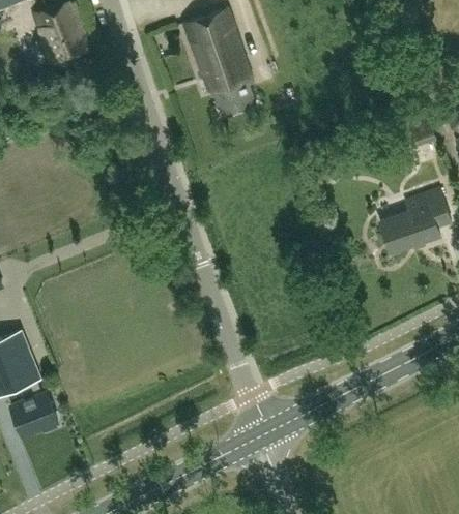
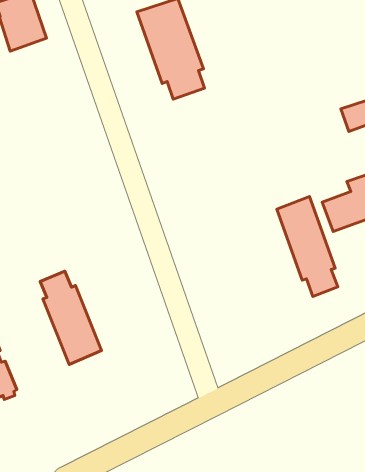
building: none -> [277,197,338,296]
building: none -> [40,271,101,364]

